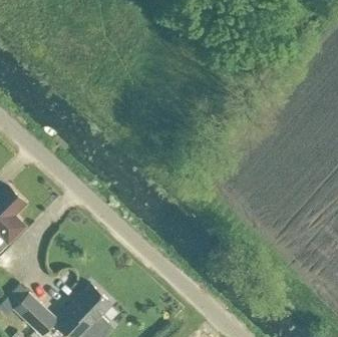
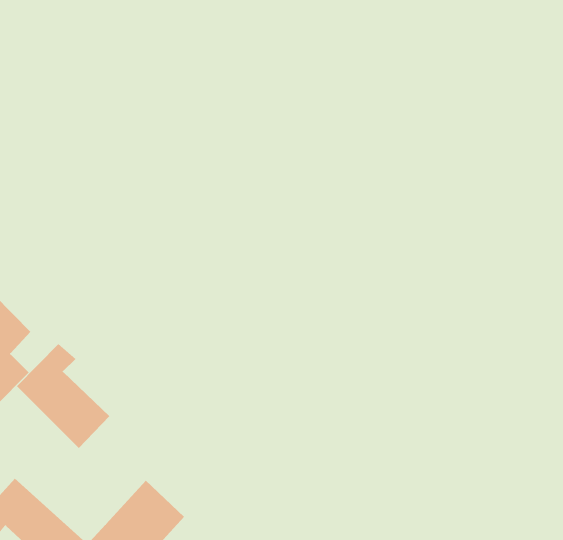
building: none -> [16,343,110,449]

